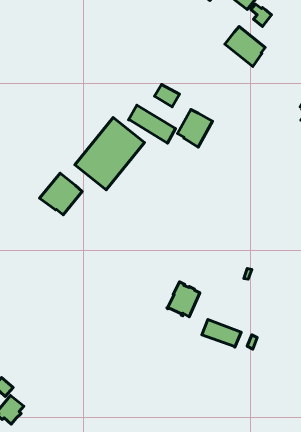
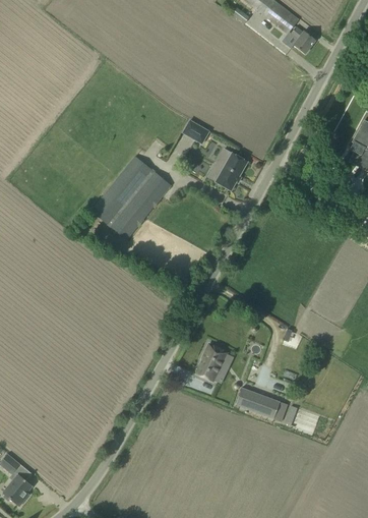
building: [225,27,265,67] -> none
building: [129,105,176,143] -> none
building: [40,173,82,215] -> none

